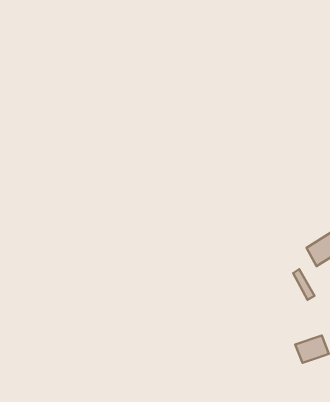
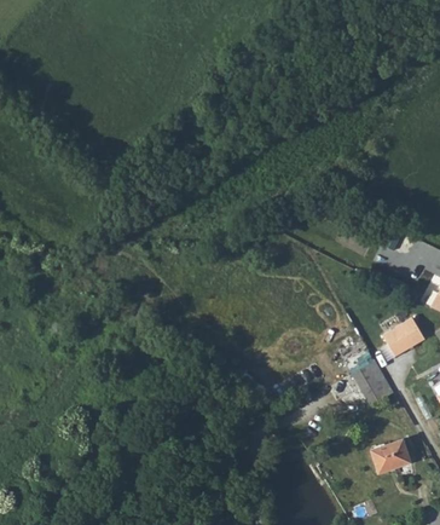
building: none -> [352,365,384,405]

